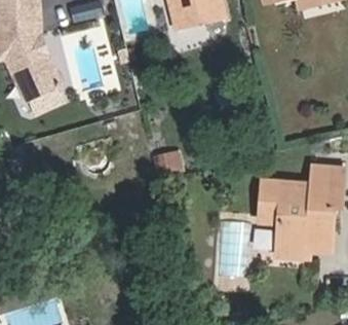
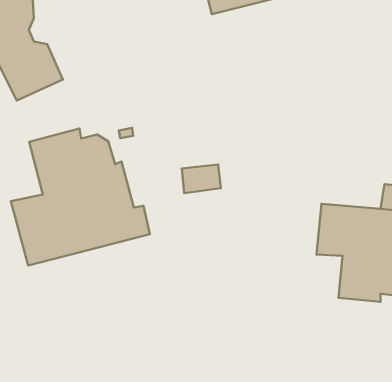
building: none -> [11,129,150,265]

